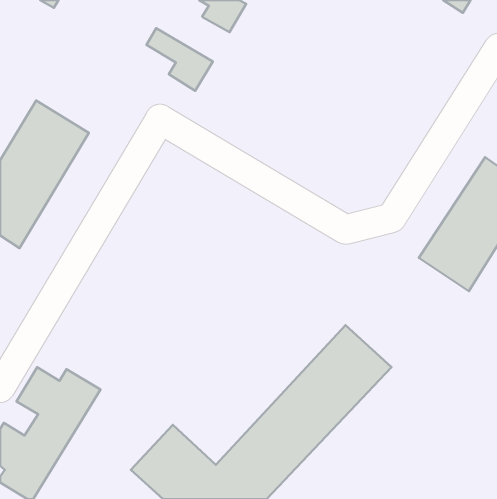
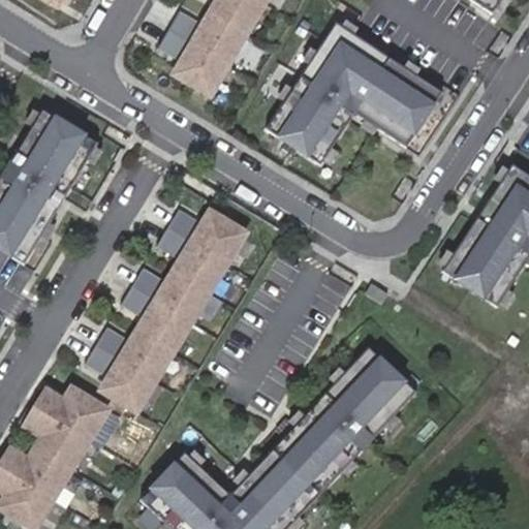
building: none -> [167,12,246,65]
building: none -> [268,24,442,164]
building: none -> [88,208,245,410]

